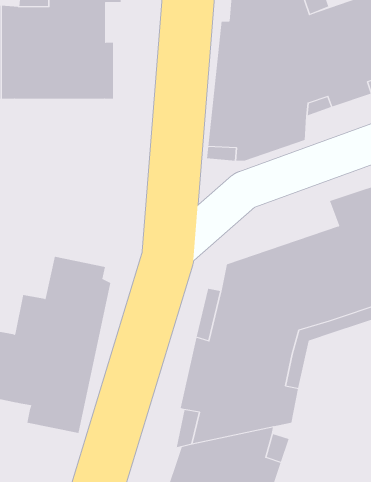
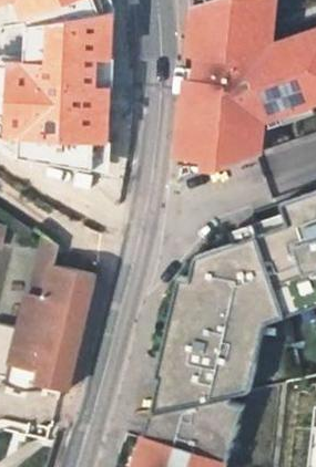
building: none -> [17,117,92,159]

